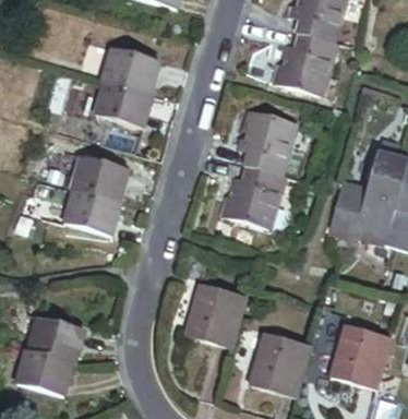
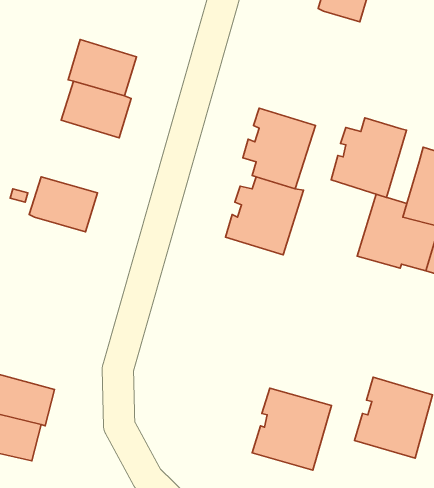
building: [276,26,337,91] -> [331,118,407,197]
building: [60,193,116,237] -> none
building: [183,282,244,347] -> none

